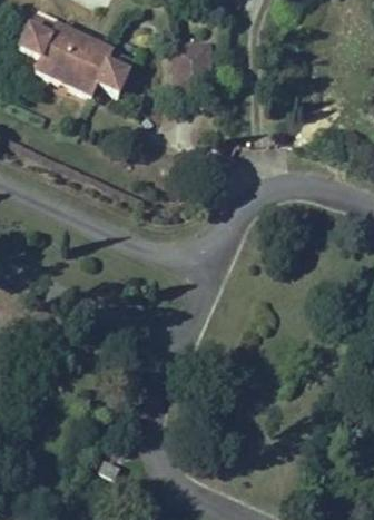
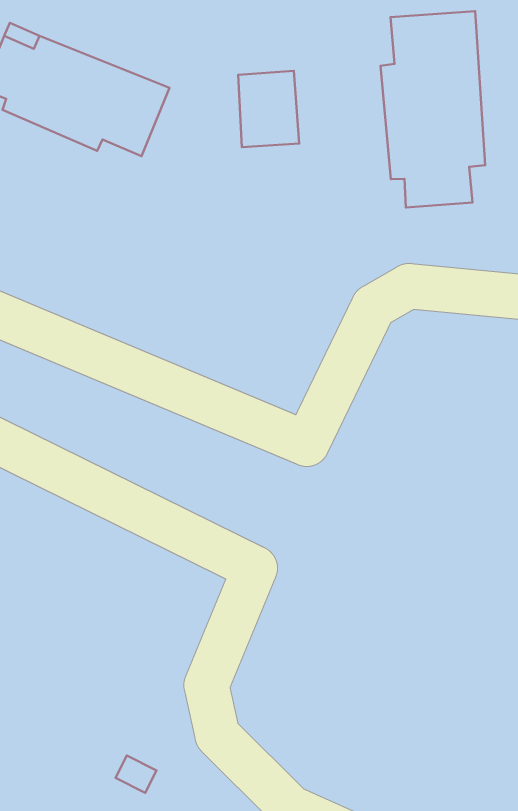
building: none -> [380,11,485,207]

